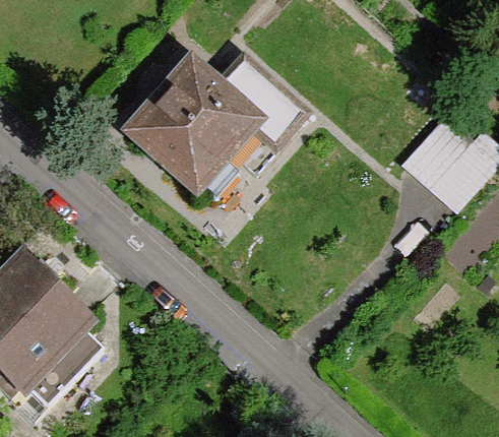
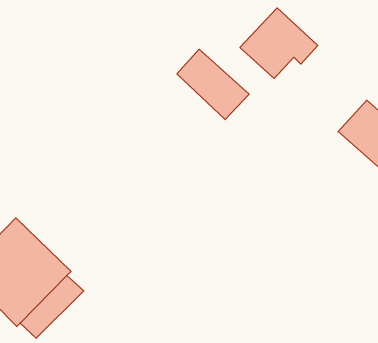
building: none -> [240,8,318,78]
building: [130,67,249,189] -> none

